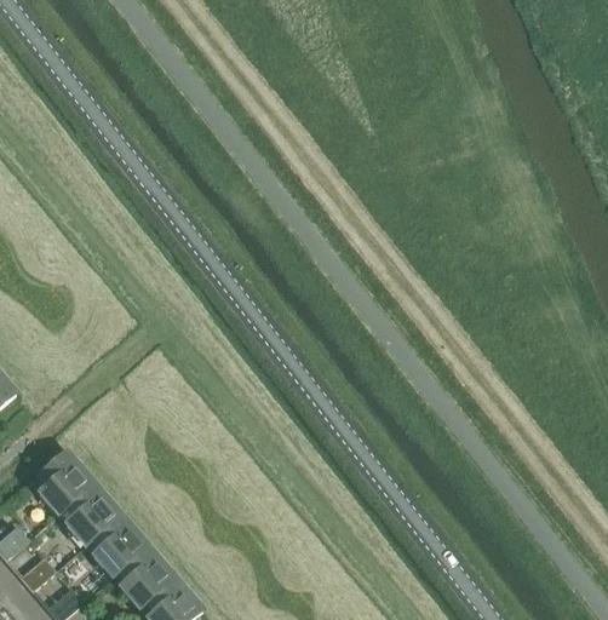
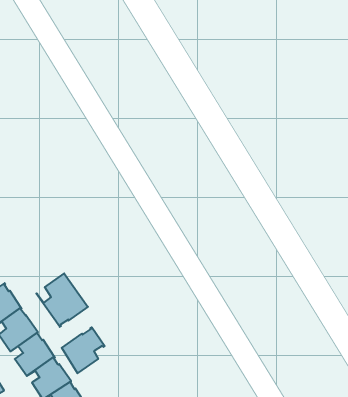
building: none -> [36,273,88,327]
building: none -> [62,327,105,373]

